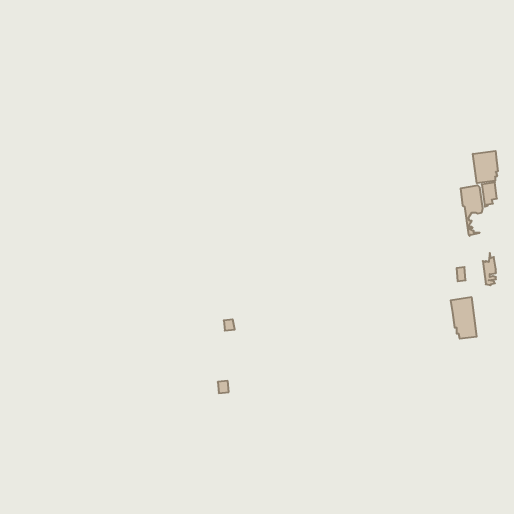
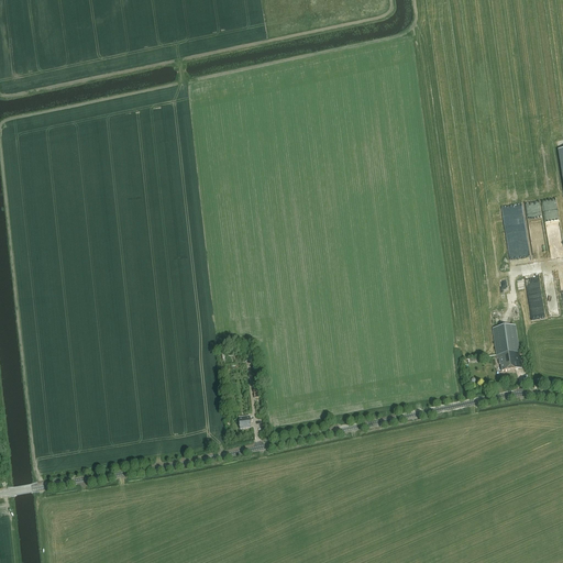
building: [473,151,498,183] -> none

